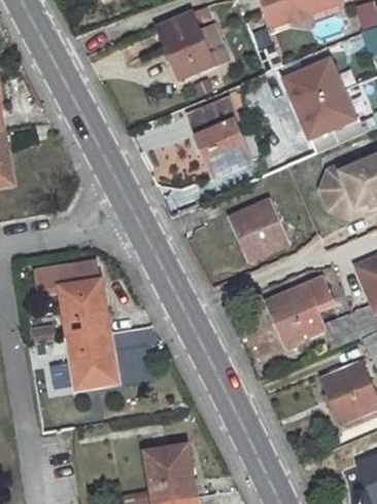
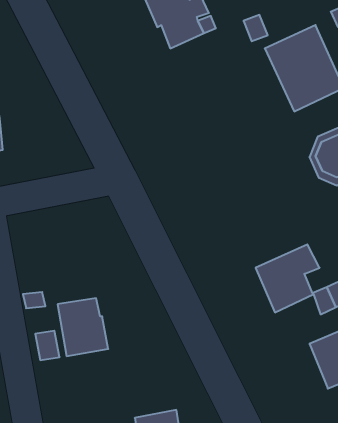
building: [187,97,251,176] -> none
building: [231,201,286,259] -> none
building: [56,261,111,337] -> none

